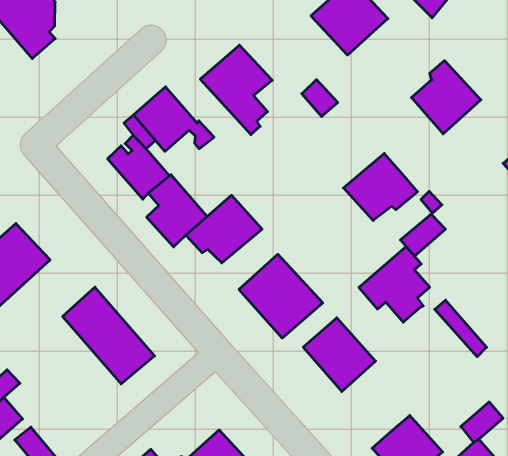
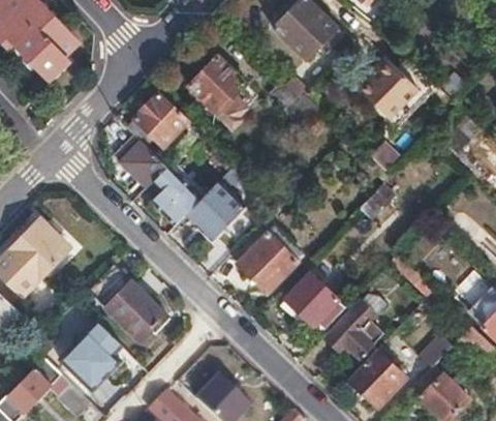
building: [343,153,418,221] -> none
building: [359,246,430,322] -> [326,301,383,363]
building: none -> [59,327,121,390]

